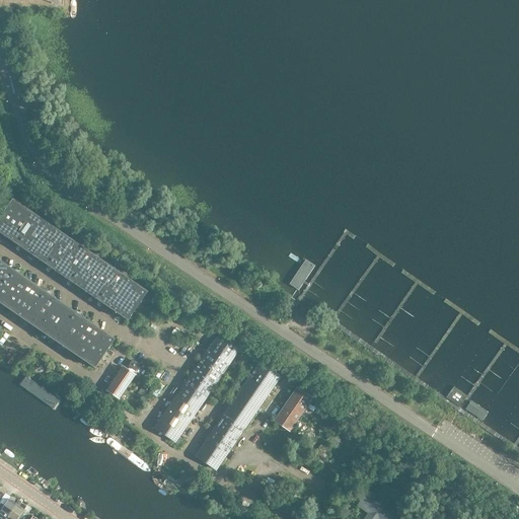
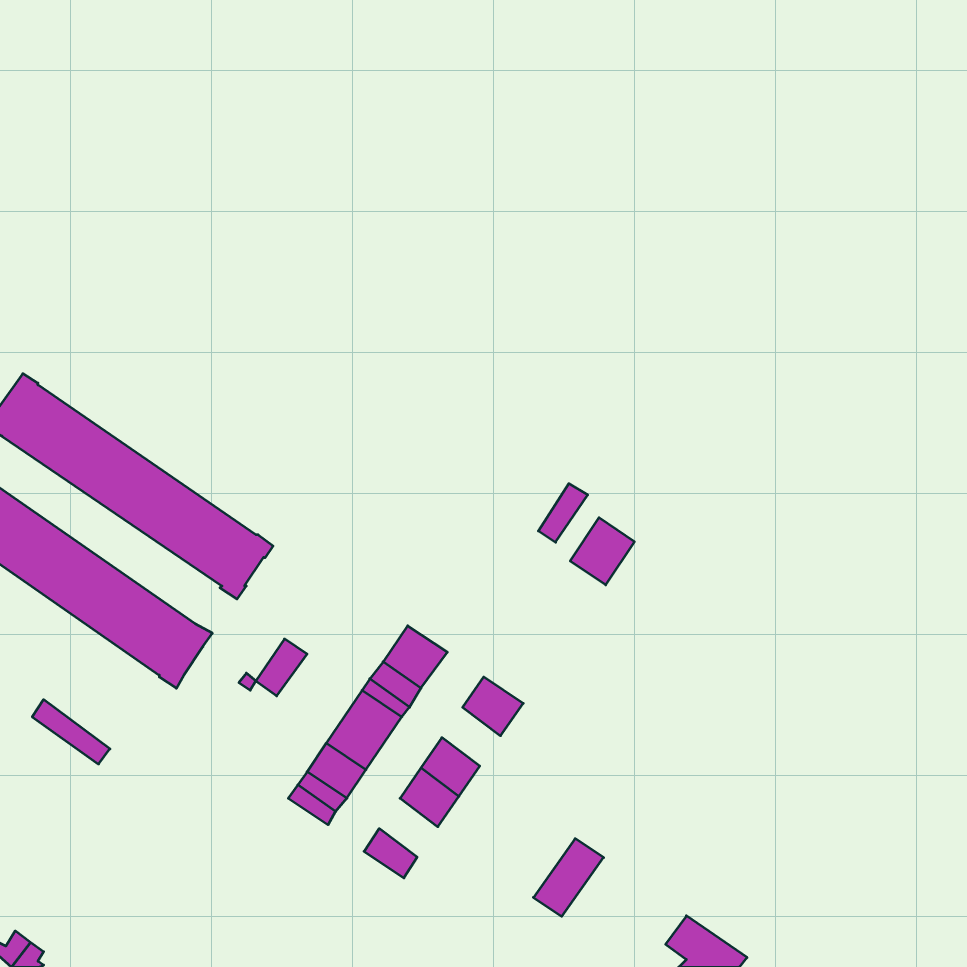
building: none -> [570,518,634,585]
building: [106,367,134,397] -> [256,639,307,696]
building: [236,378,268,410] -> none
building: [274,388,311,430] -> [533,839,604,916]
building: [203,427,234,458] -> none

